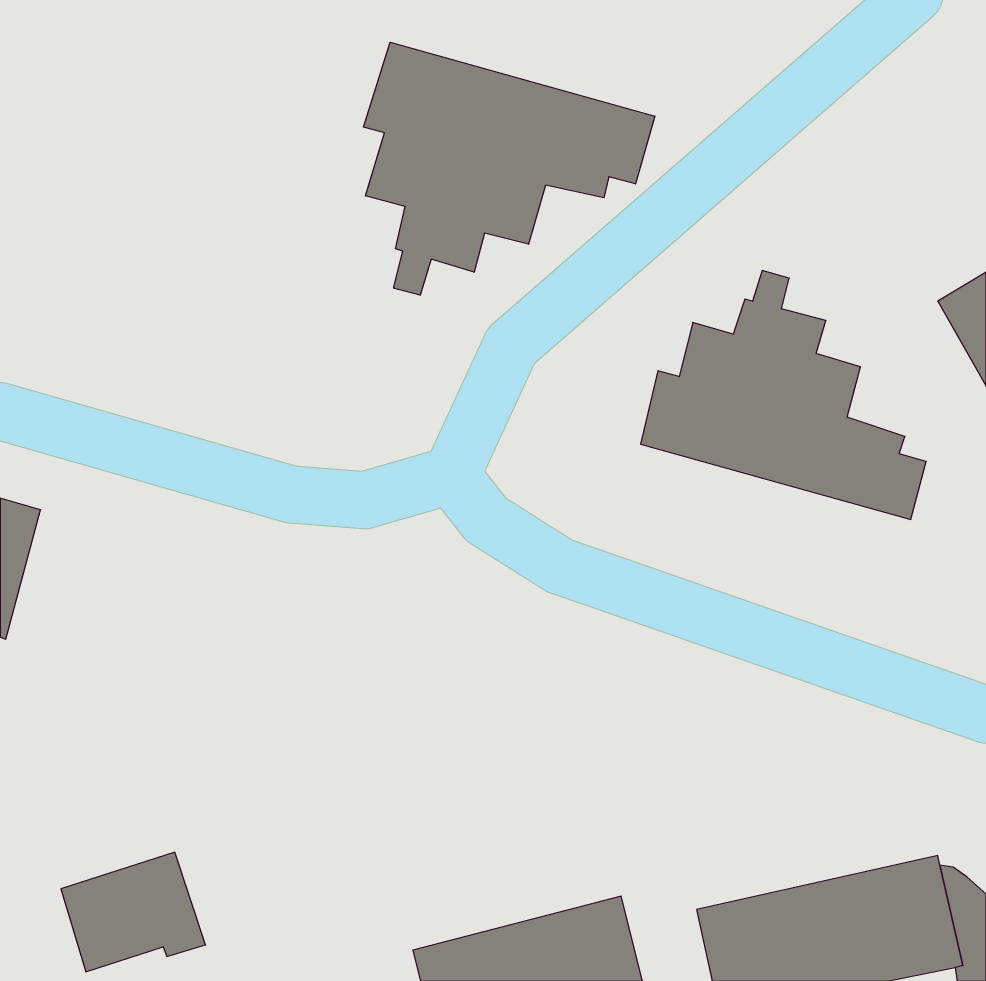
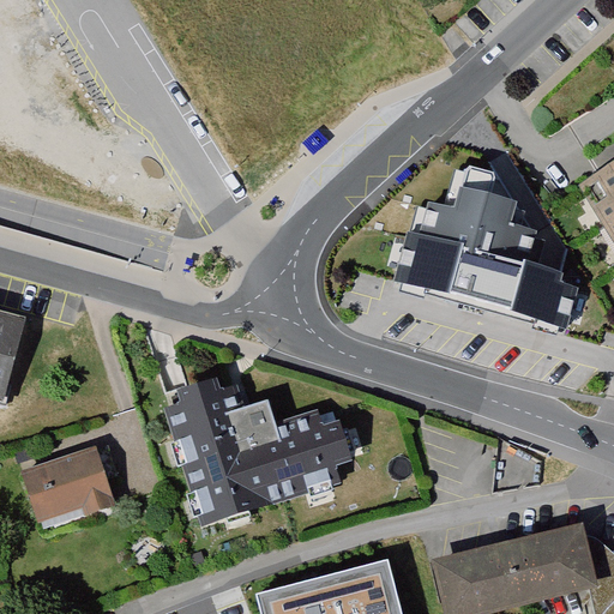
building: [364,42,655,295] -> none
building: none -> [168,380,345,518]
building: [61,852,206,972] -> [26,447,116,522]

